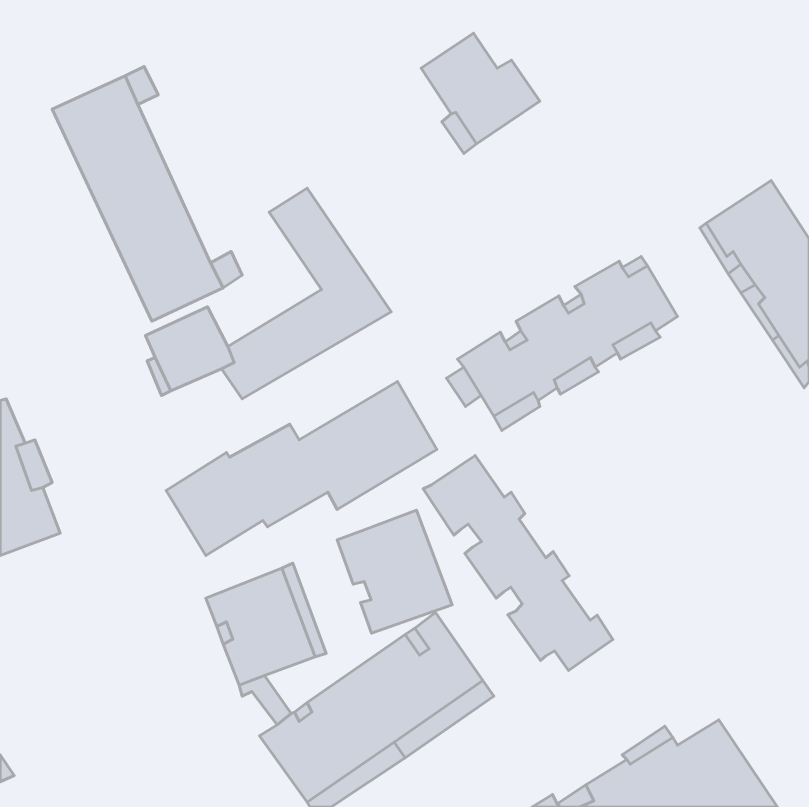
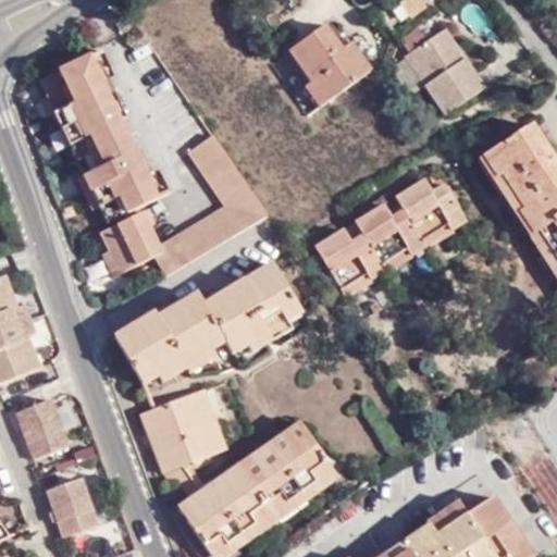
building: none -> [405,24,490,113]
building: [423,455,613,670] -> none
building: [337,510,452,633] -> none
building: none -> [15,397,70,459]
building: none -> [46,478,97,536]

